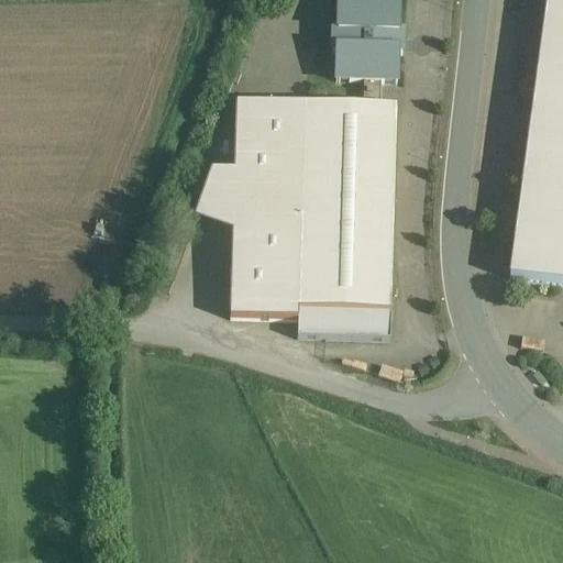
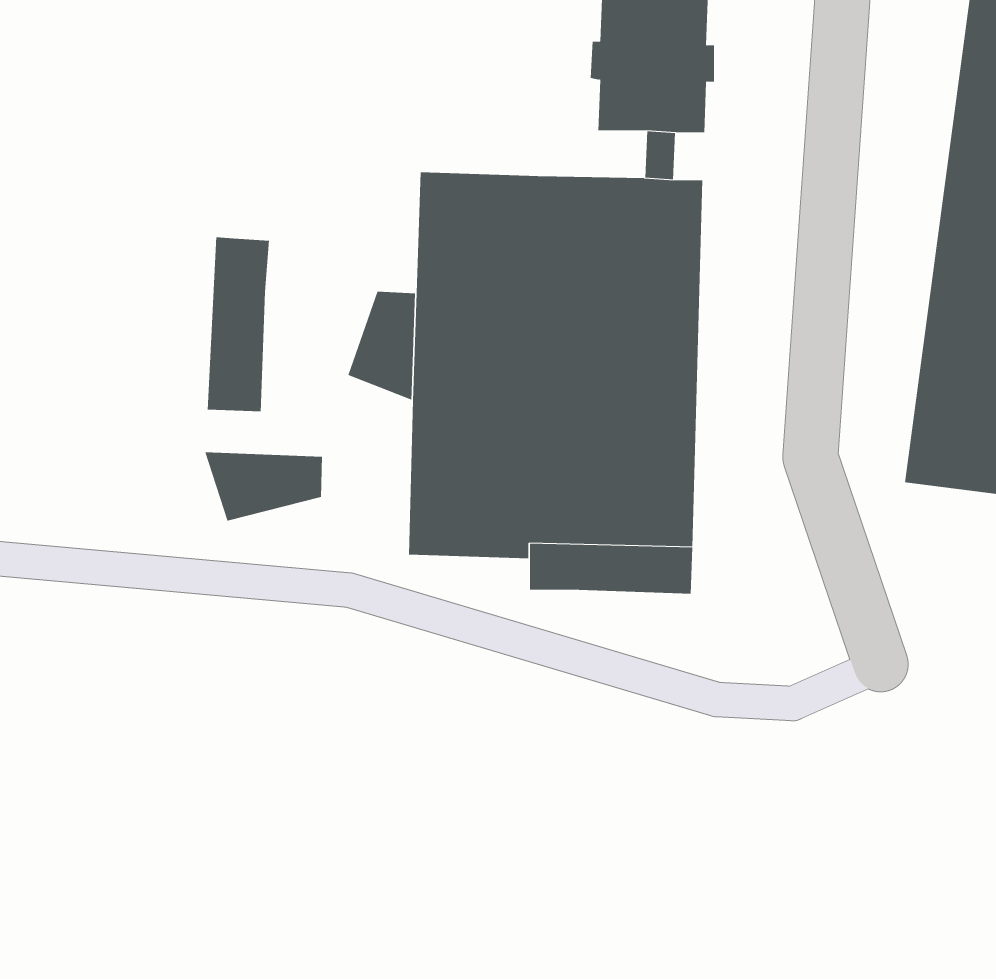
building: none -> [207,236,270,412]
building: none -> [205,451,323,522]

